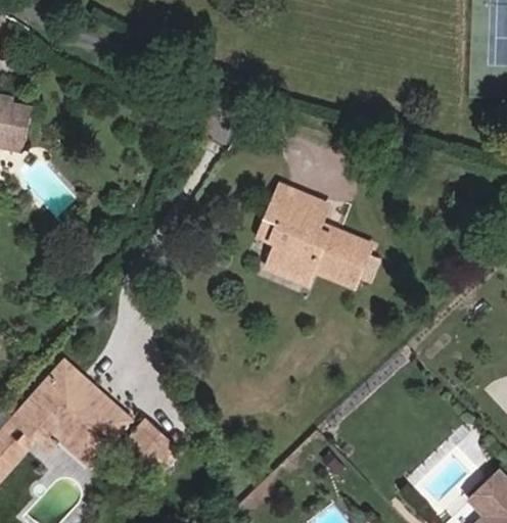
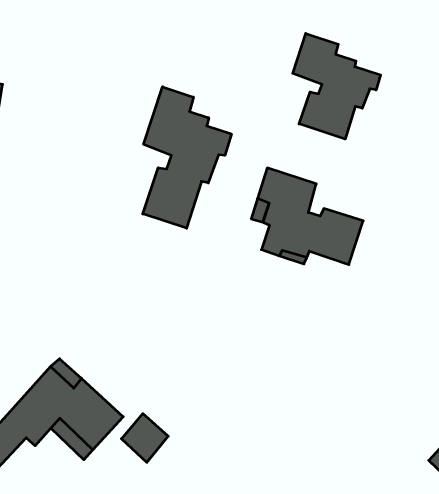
building: none -> [293,33,381,139]
building: none -> [143,87,231,228]

